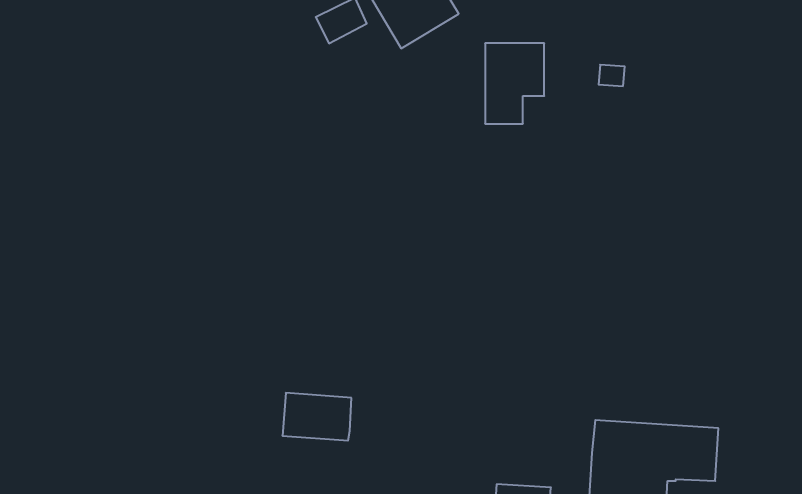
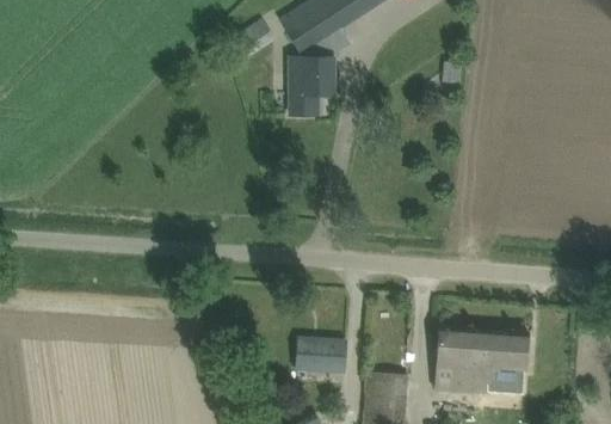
building: [485,43,544,124] -> [290,59,333,117]
building: [282,393,351,441] -> [296,340,346,375]

